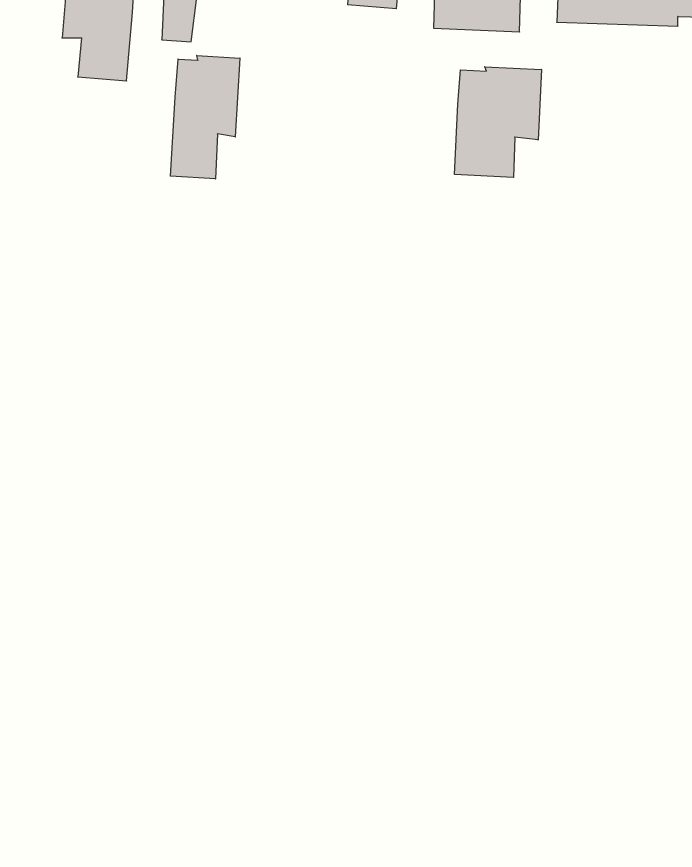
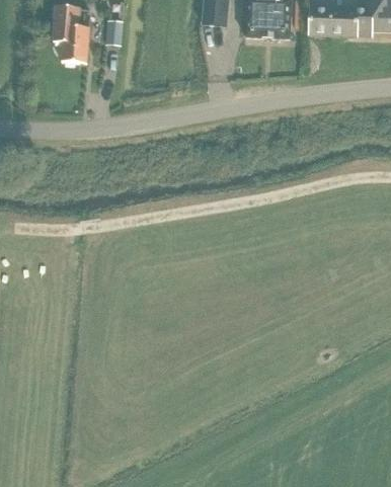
building: [170,55,240,179] -> none
building: [455,67,541,177] -> none

